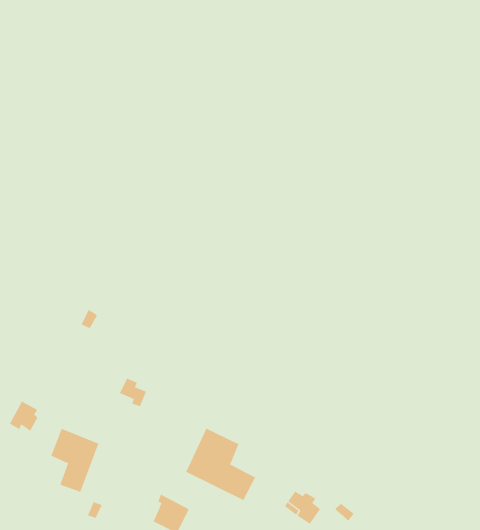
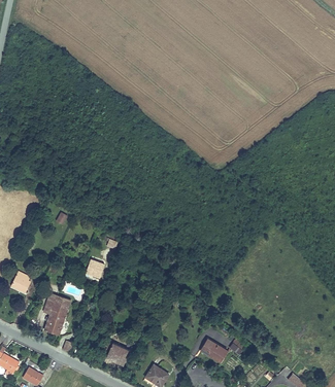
building: [186,428,256,501] -> none

